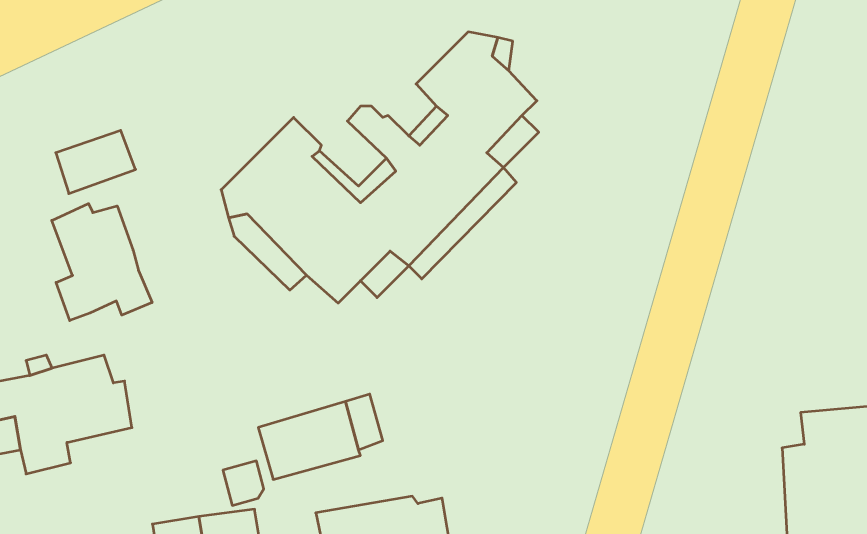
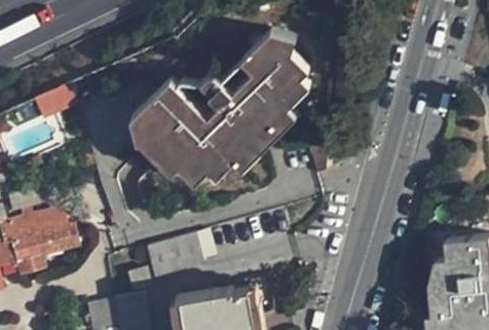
building: [52,204,152,321] -> none

